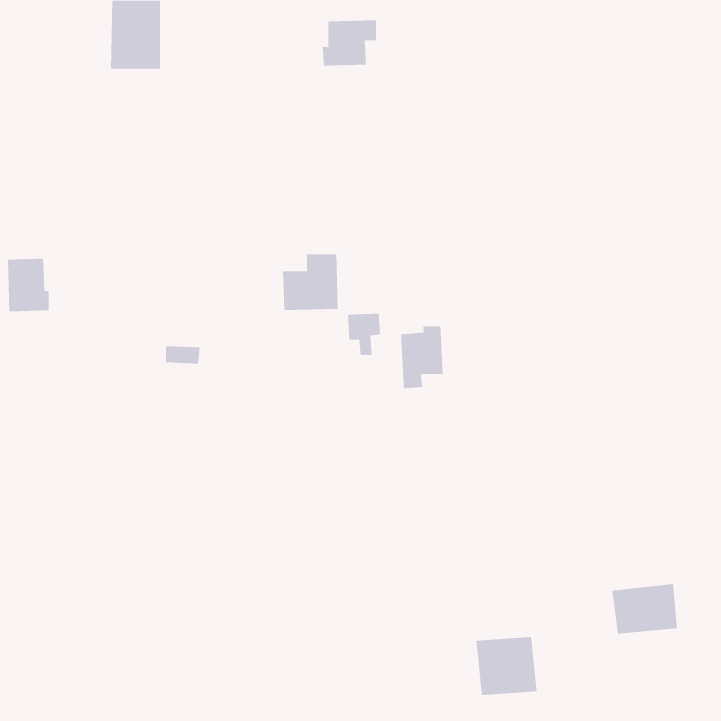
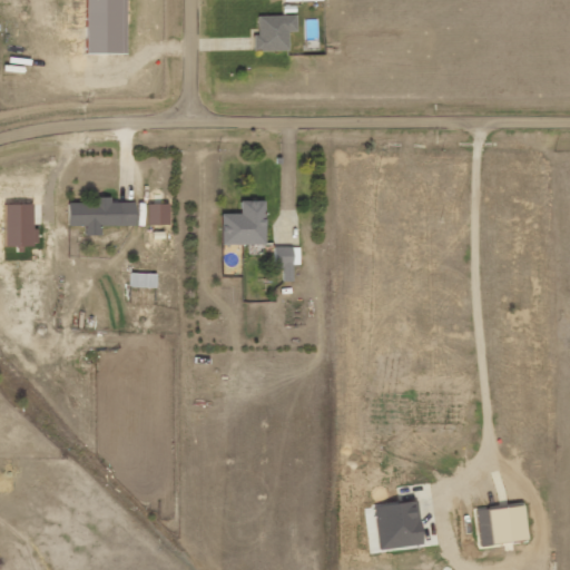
building: none -> [69,199,137,236]
building: none -> [147,204,170,225]
building: [400,325,443,389] -> none
building: [612,583,678,634] -> [476,505,529,546]

